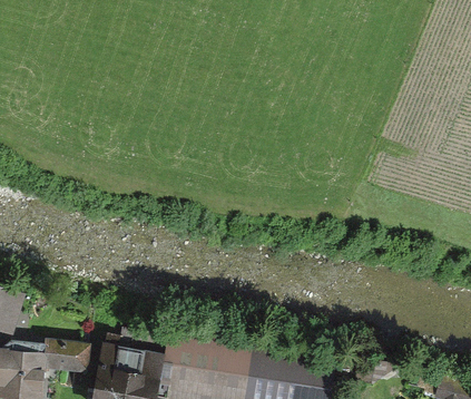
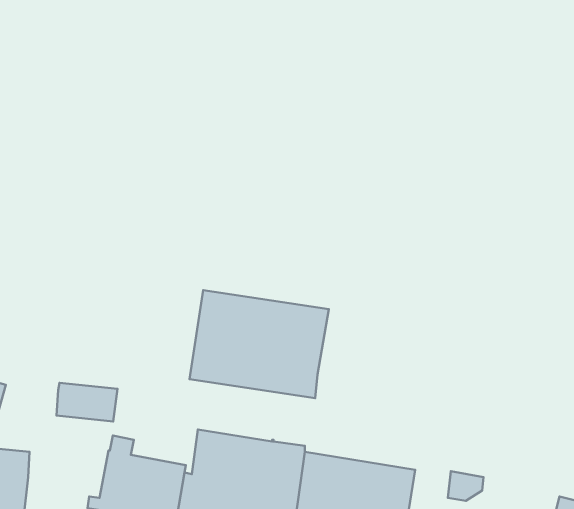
building: none -> [189,290,329,398]
building: [41,343,87,372] -> [57,383,118,421]

